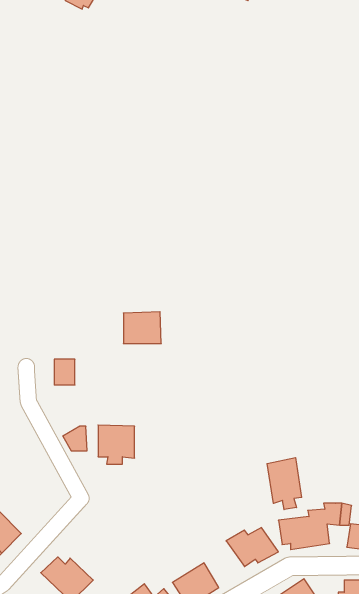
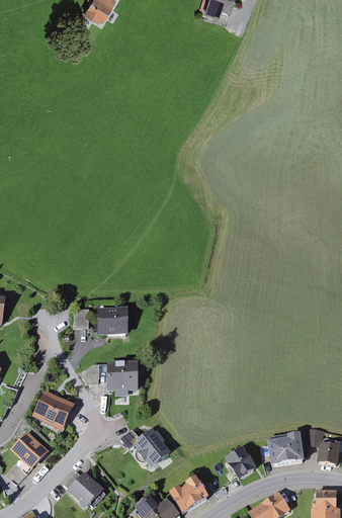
building: [123,312,161,344] -> [99,307,131,333]
building: [267,458,302,510] -> none
building: none -> [32,390,77,429]
building: none -> [117,427,169,466]

